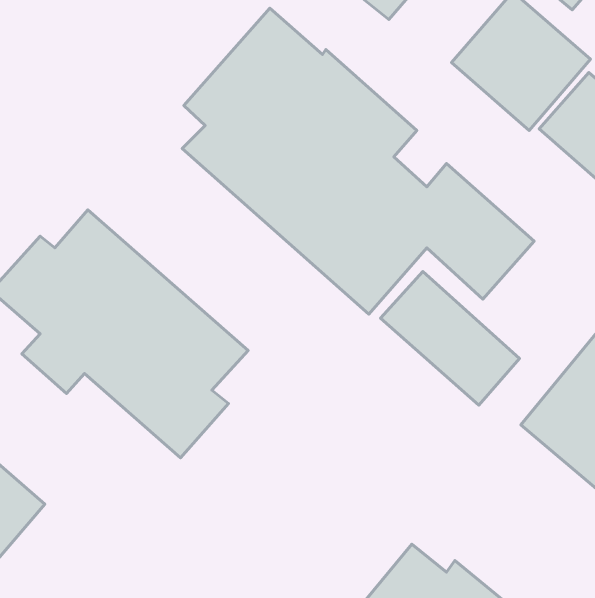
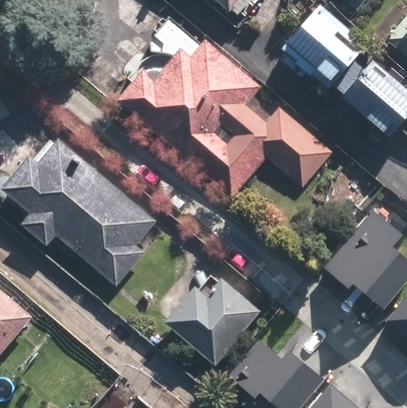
building: [380,272,520,405] -> none
building: none -> [167,276,266,365]

